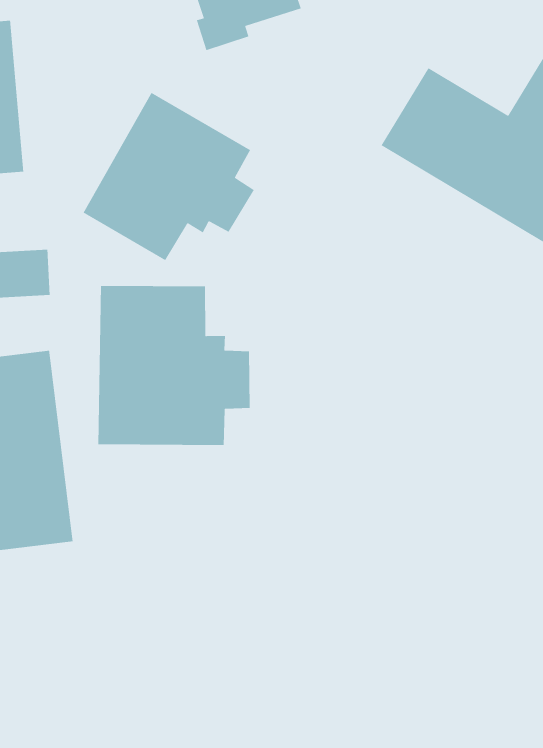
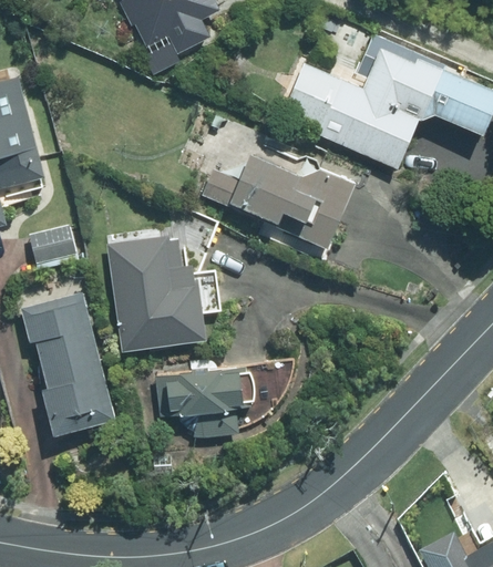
building: [82,92,255,261] -> none
building: none -> [203,153,351,248]
building: none -> [156,367,255,441]

